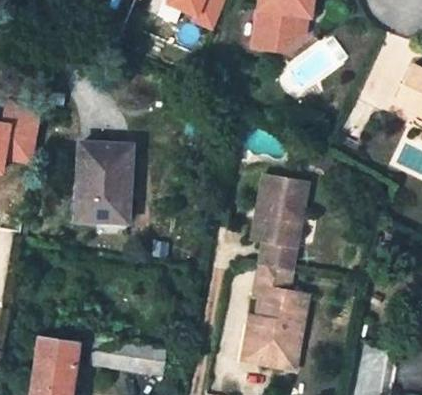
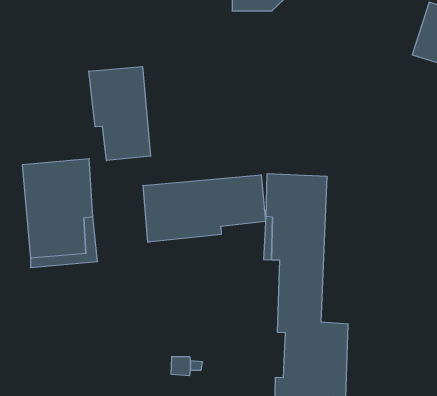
building: none -> [89,67,151,161]
building: none -> [143,175,266,242]

